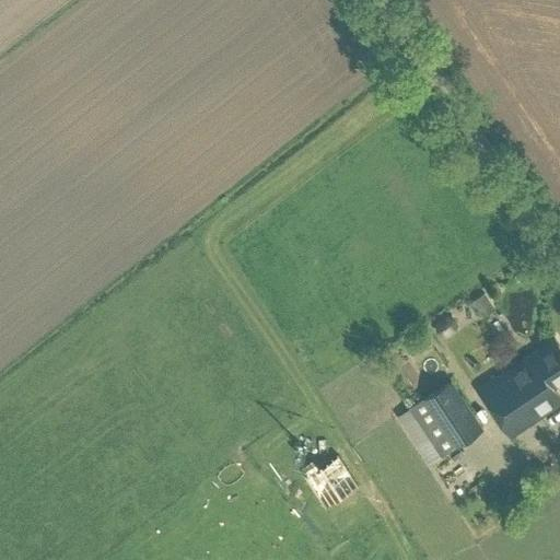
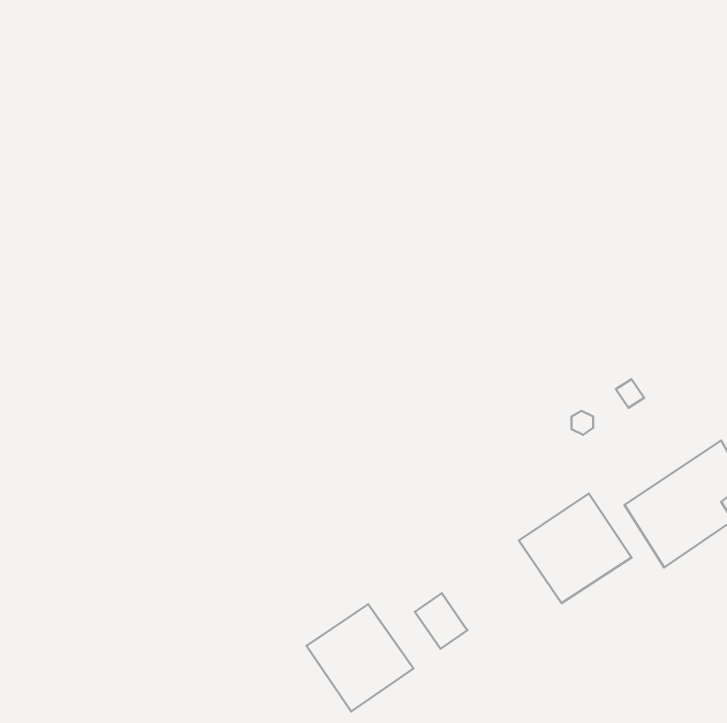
building: none -> [306,604,413,711]

